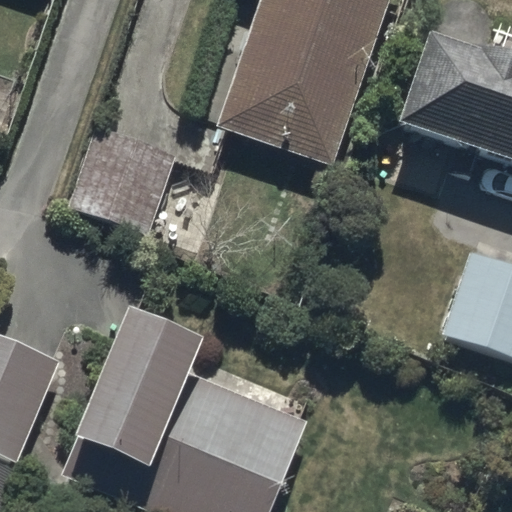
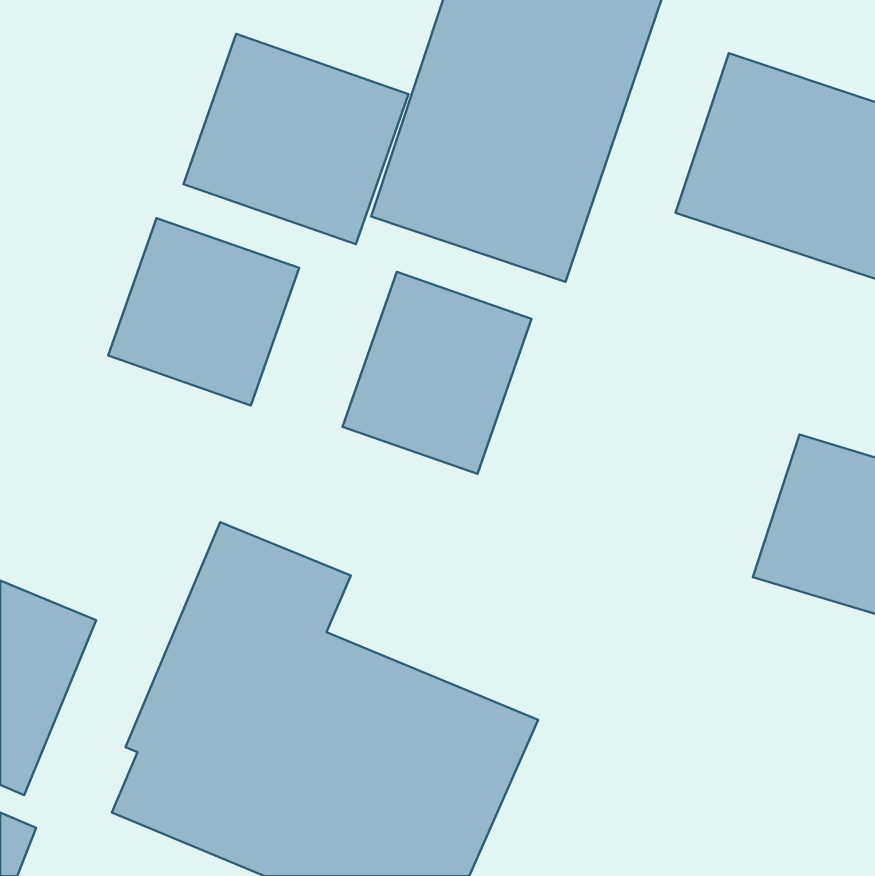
building: none -> [184,34,408,244]
building: none -> [343,272,531,474]

